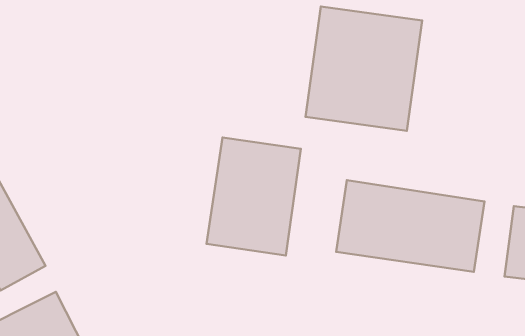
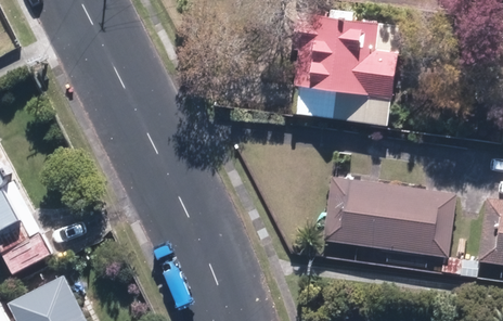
building: [207,137,301,256] -> none

